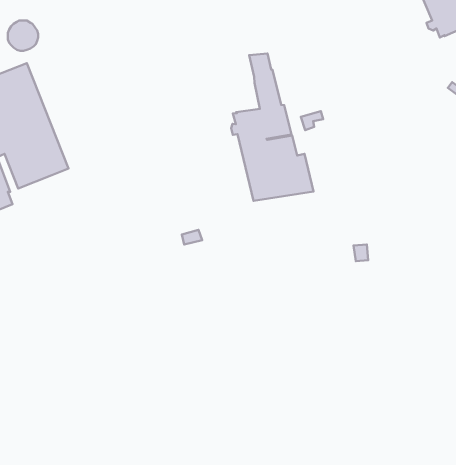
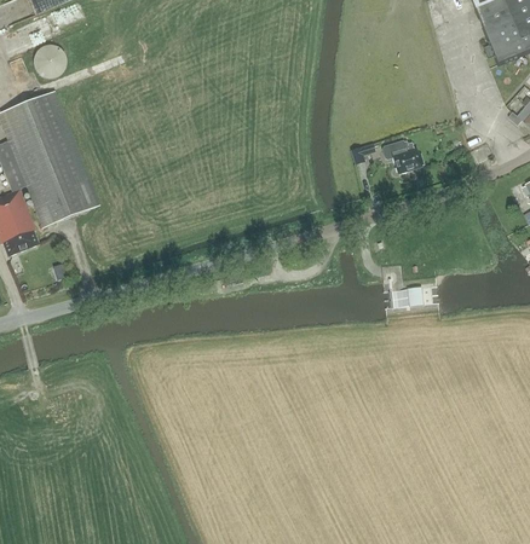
building: [231,53,314,201] -> none
building: none -> [382,140,424,173]

